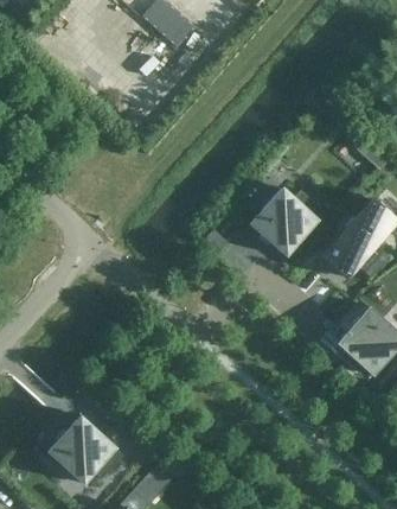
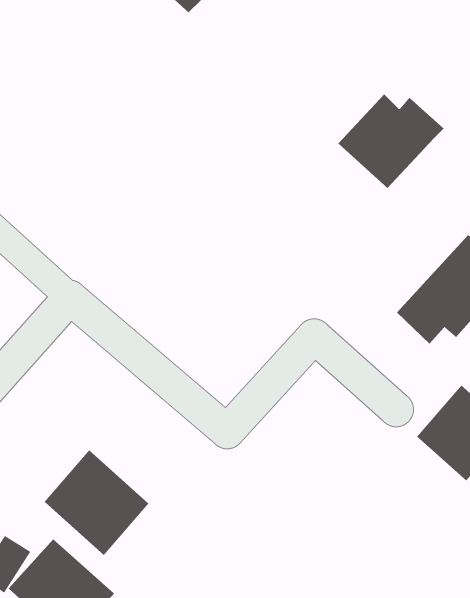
building: [248,189,324,256] -> [337,93,444,189]
building: none -> [44,449,149,556]

